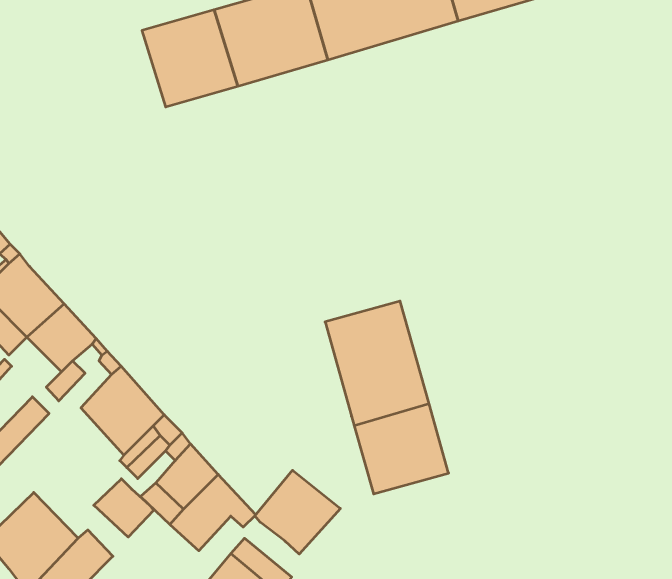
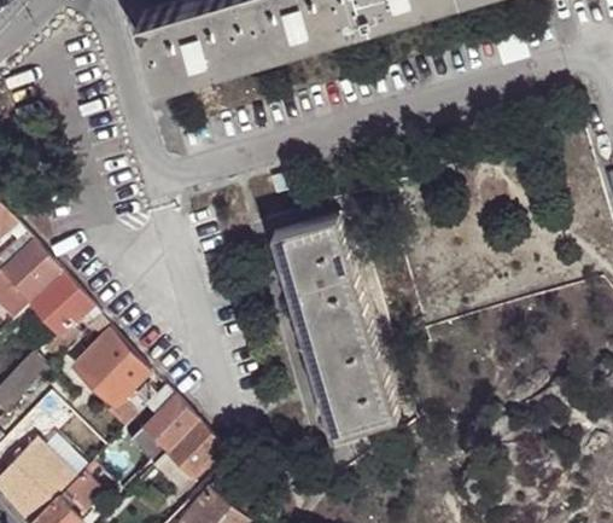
building: none -> [272,211,354,287]
building: [255,470,340,554] -> none
building: [94,479,154,537] -> none

